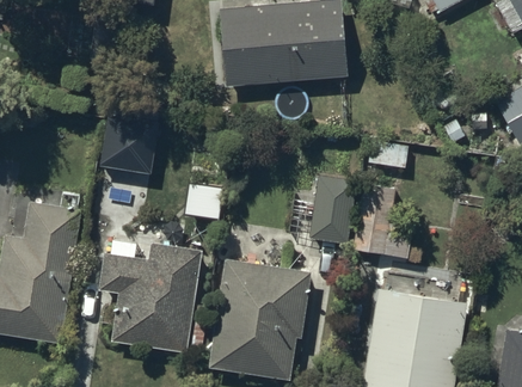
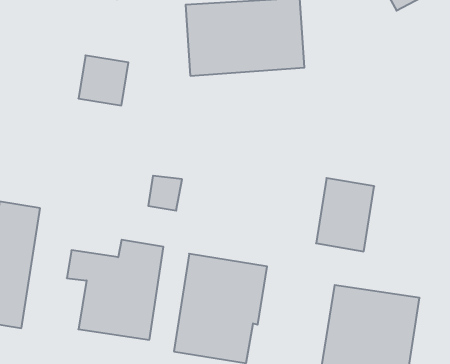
building: [104,118,155,170] -> [78,55,128,105]
building: [312,177,354,244] -> none

